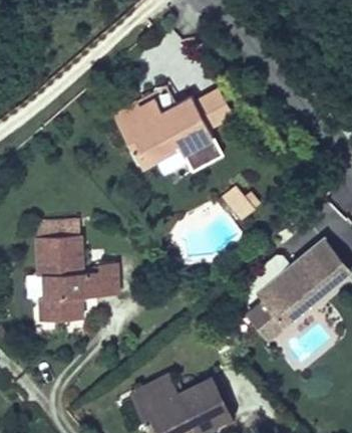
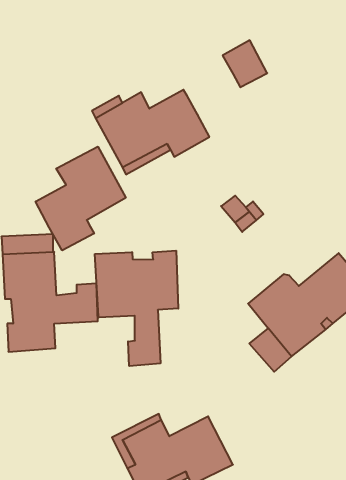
building: [195,89,233,130] -> [223,40,267,87]
building: none -> [36,147,126,250]
building: none -> [95,251,178,366]

